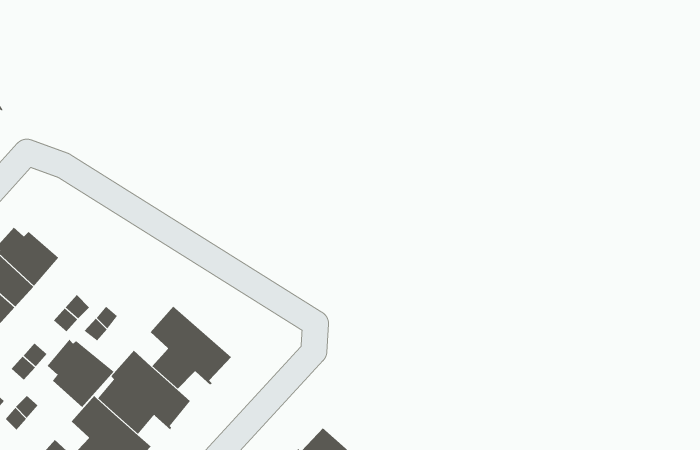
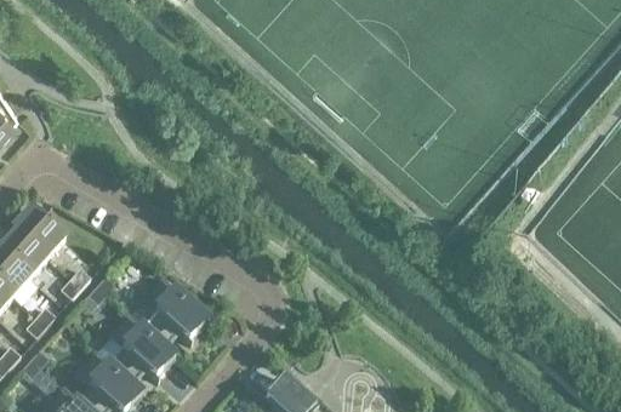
building: [47,339,115,408] -> none

